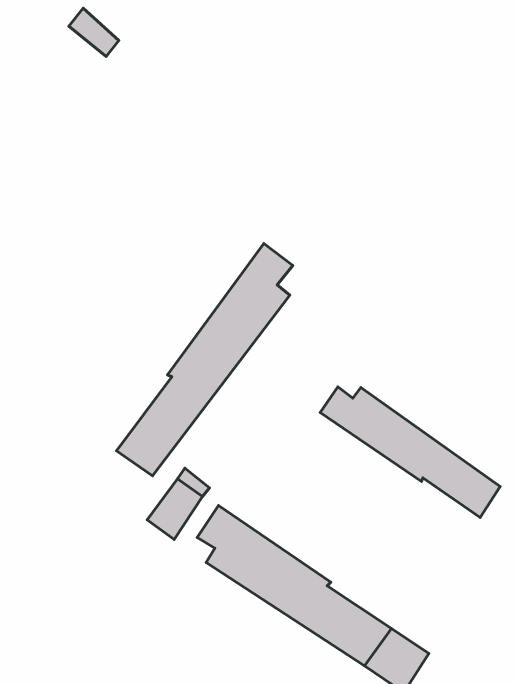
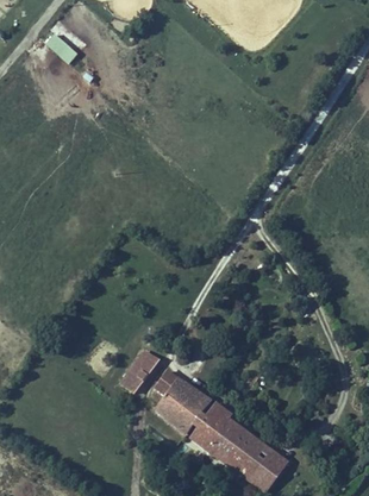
building: [117,244,293,476] -> none
building: [320,387,500,518] -> none

